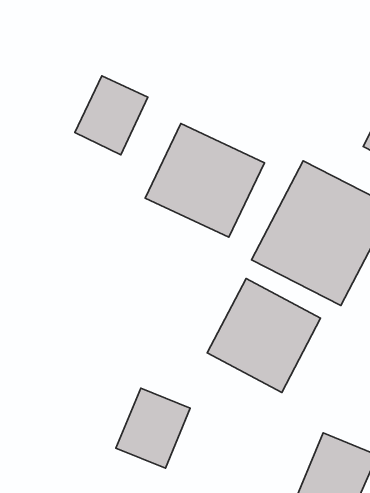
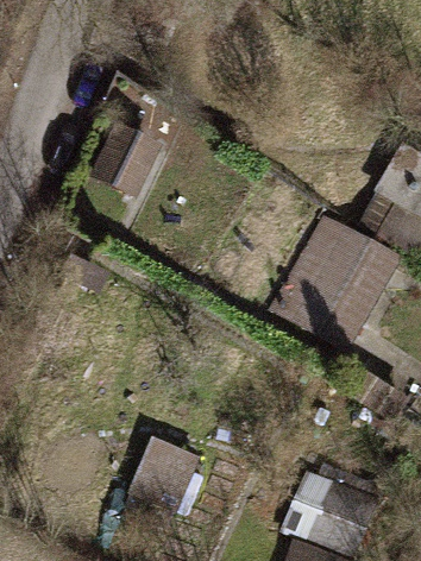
building: [145,124,264,237] -> none
building: [207,278,321,392] -> none

